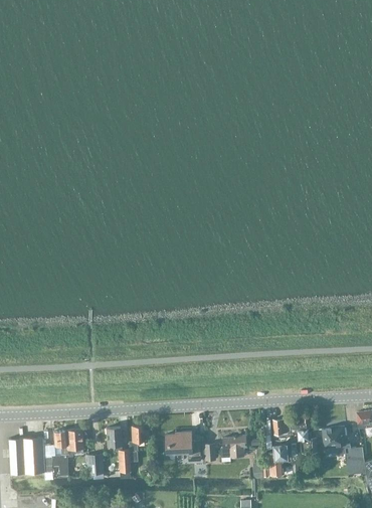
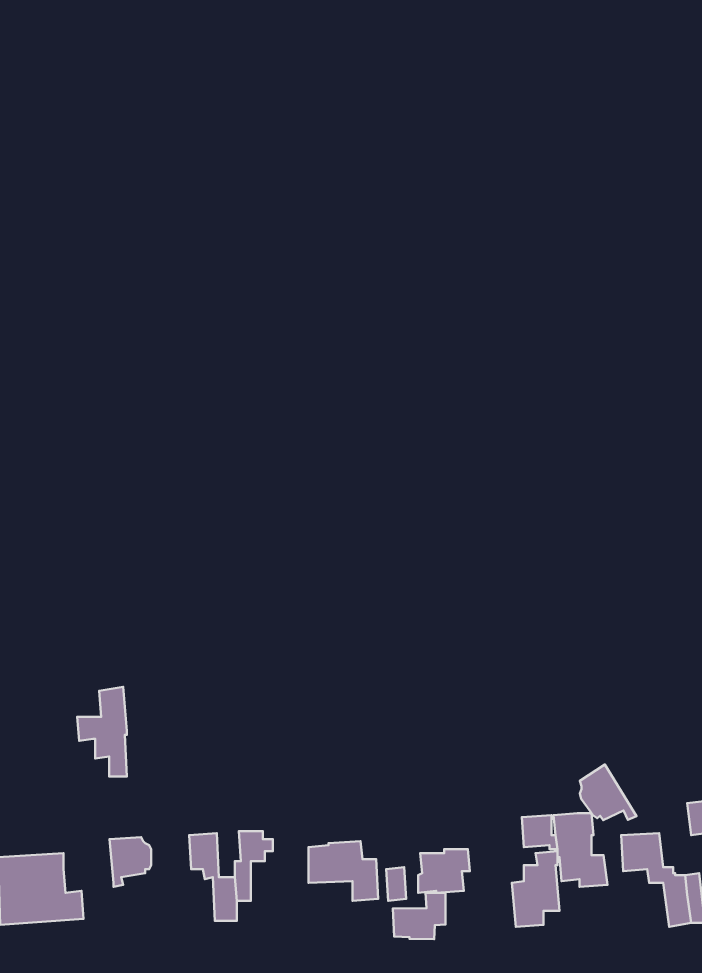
building: none -> [580,764,637,820]
building: [42,431,67,476] -> [77,687,127,777]
building: [85,455,103,478] -> none
building: none -> [393,893,446,939]

